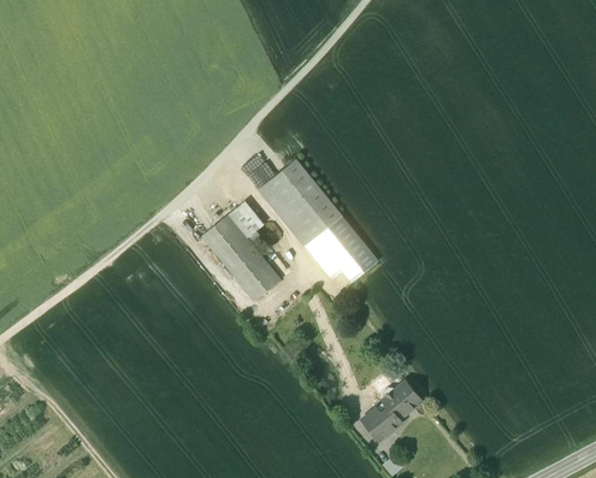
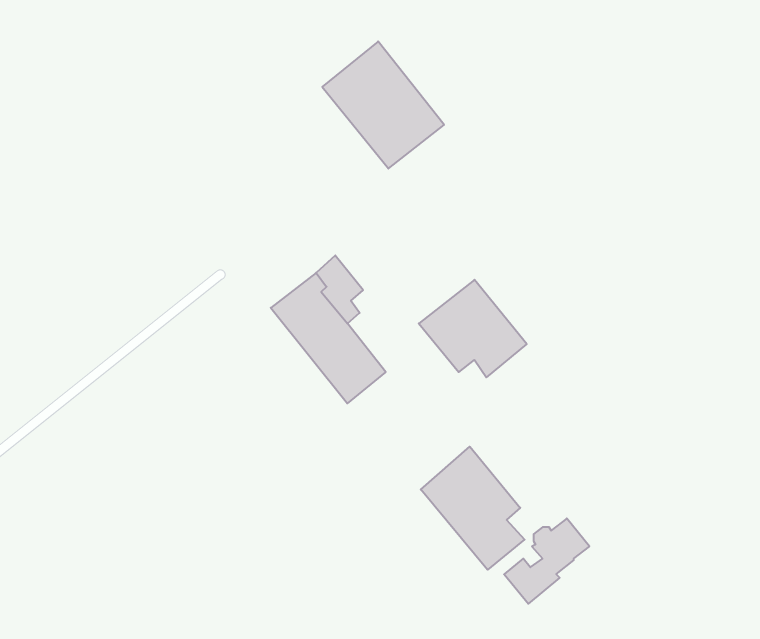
building: [258,159,342,247] -> [322,41,444,169]
building: none -> [421,447,525,570]

